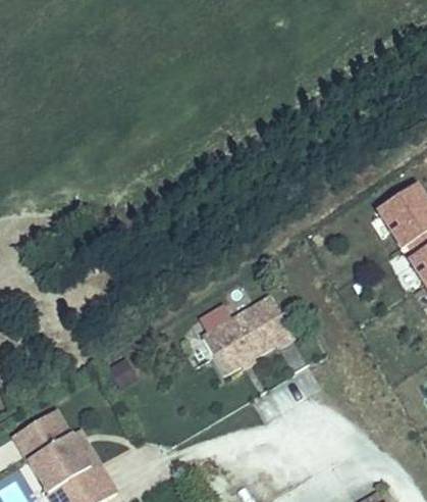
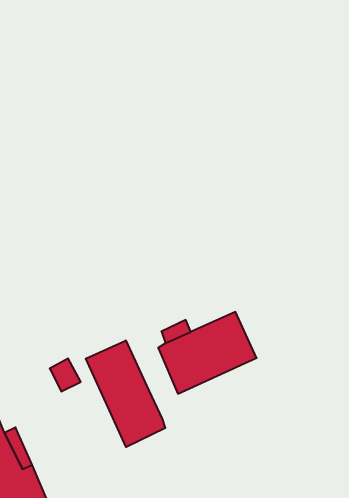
building: none -> [86,340,165,447]

